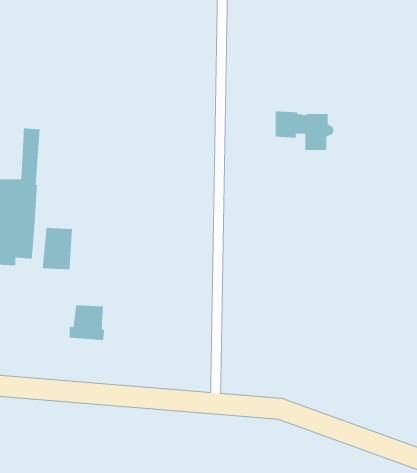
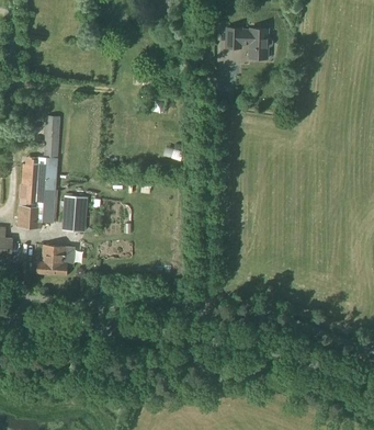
building: [275,110,334,151] -> [225,26,273,59]
building: [69,305,105,341] -> [37,245,67,274]

